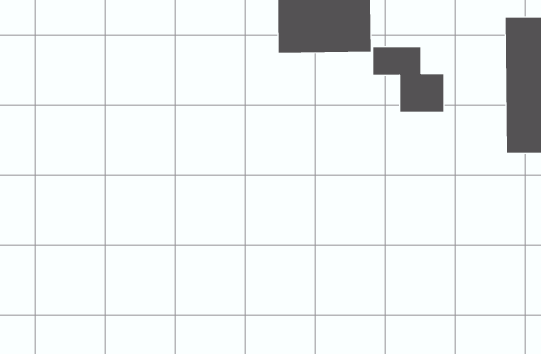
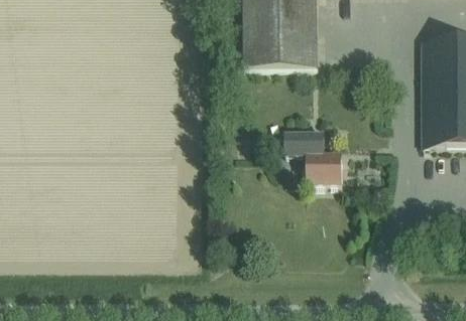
building: [373,47,444,112] -> [284,133,341,184]

